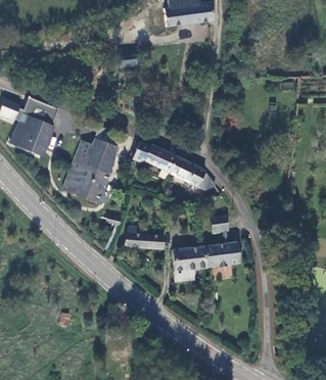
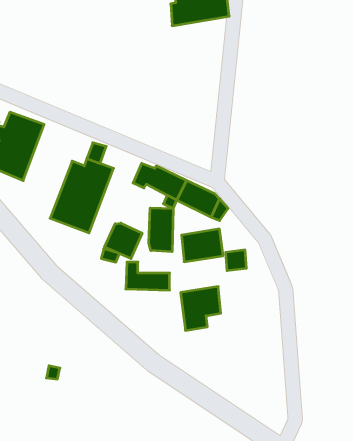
building: none -> [149,208,173,252]
building: none -> [105,223,142,259]
building: [204,240,239,268] -> [182,229,223,262]

